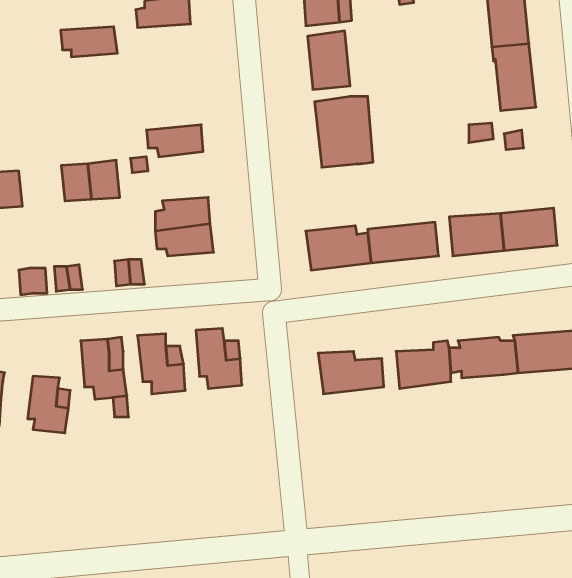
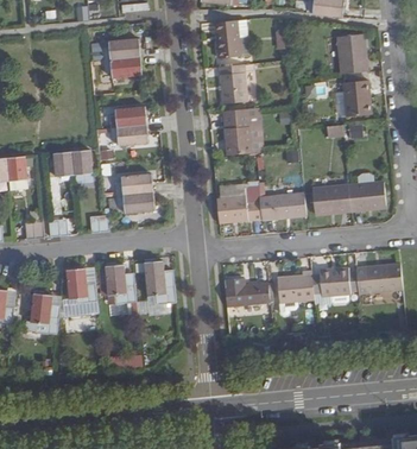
building: [61,27,117,57] -> [103,58,141,78]
building: none -> [108,108,146,129]

